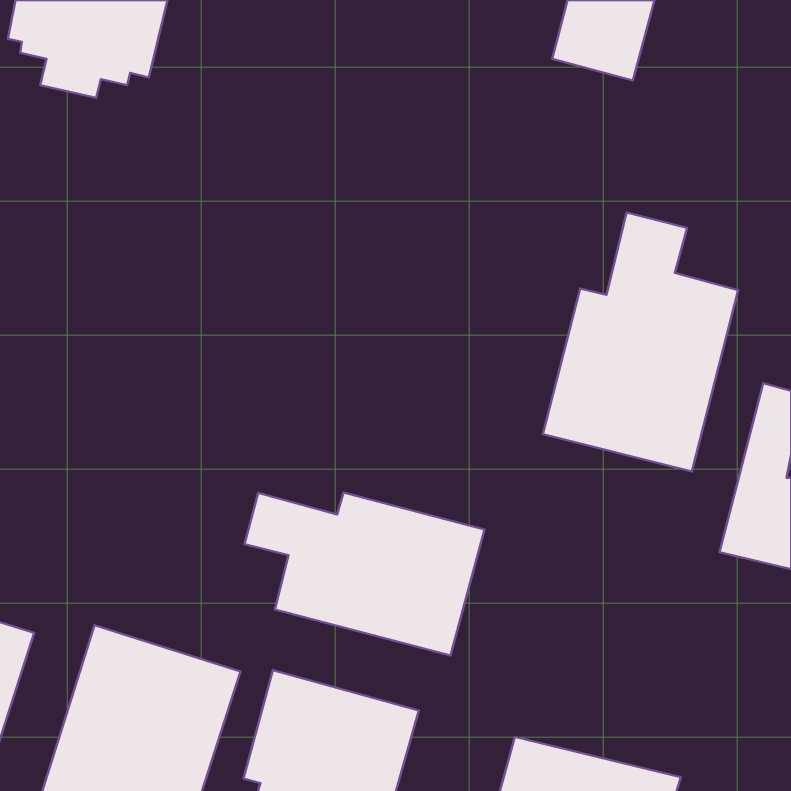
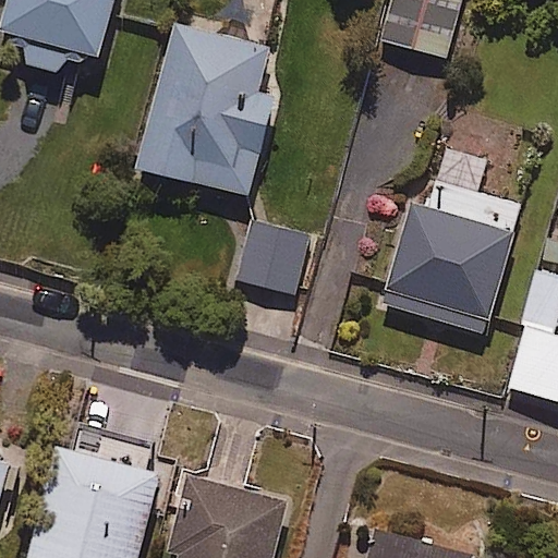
building: none -> [132,22,270,197]
building: none -> [231,220,307,295]
building: [245,492,484,656] -> none

